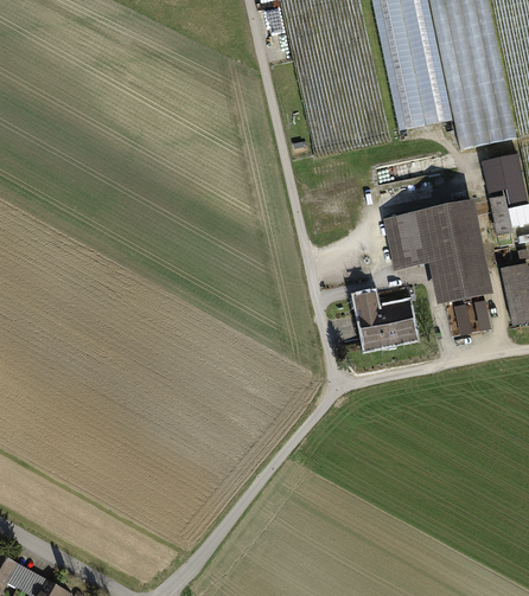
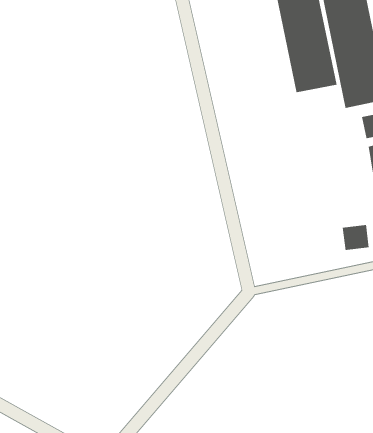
building: [385,201,485,300] -> none
building: [357,294,416,344] -> none

